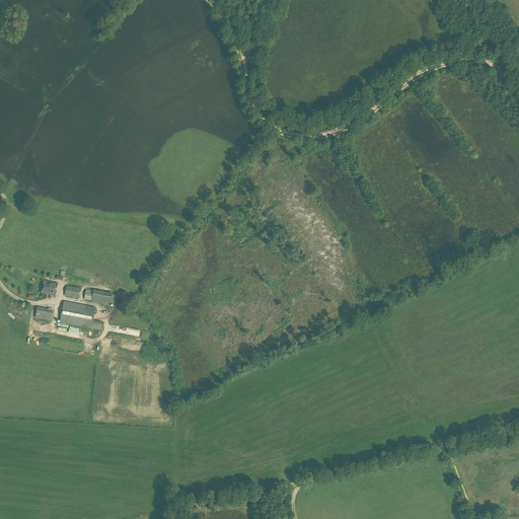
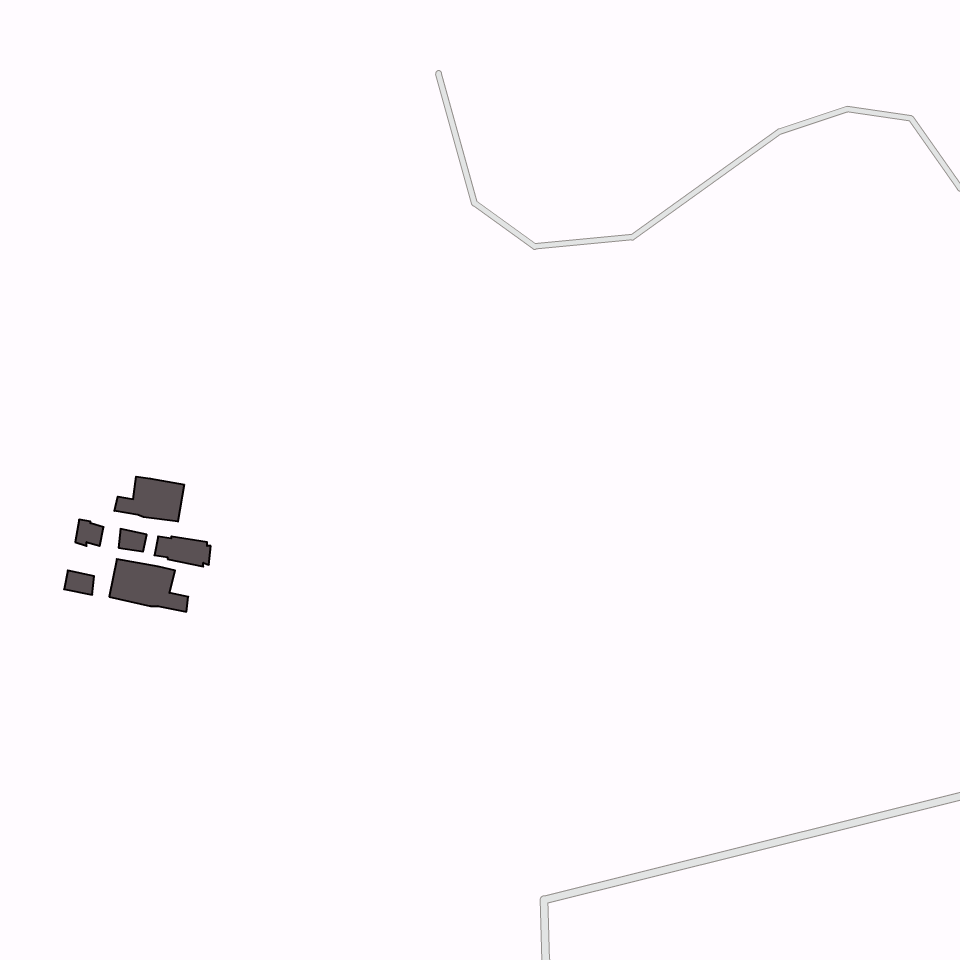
building: none -> [114,477,184,522]

